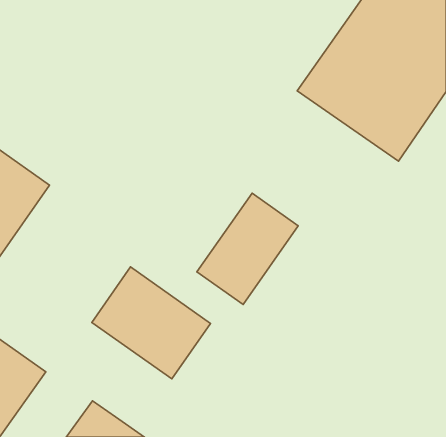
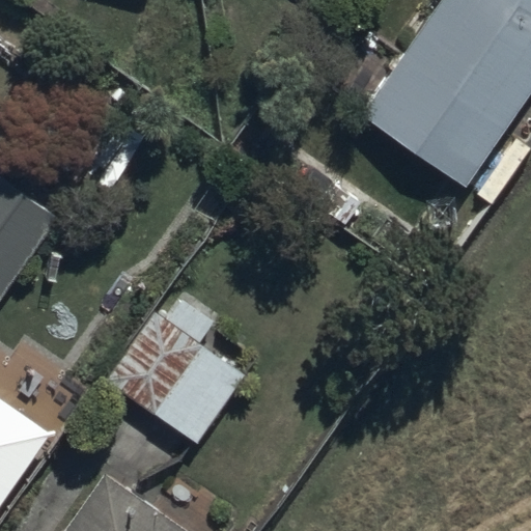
building: [197,193,298,304] -> none

